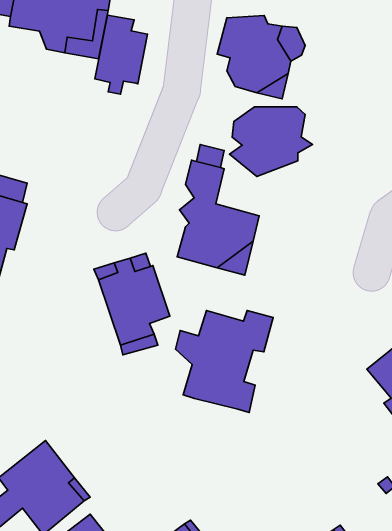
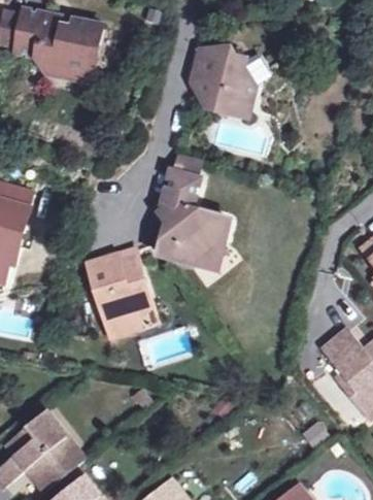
building: [95,15,147,94] -> none
building: [230,107,312,176] -> none
building: [176,310,273,413] -> none

